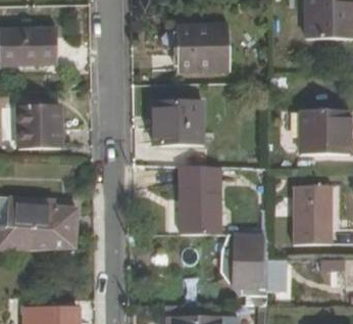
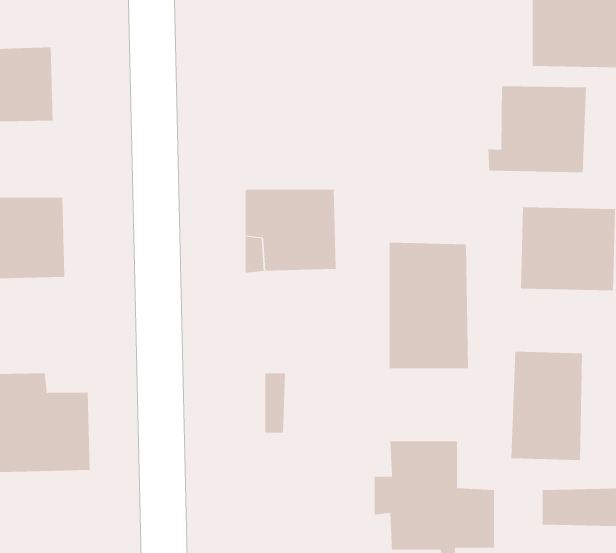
building: [178,26,228,71] -> none
building: none -> [488,85,587,173]
building: [180,167,221,233] -> [389,242,469,369]

